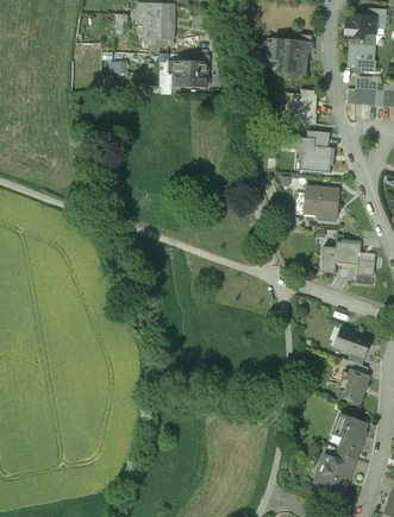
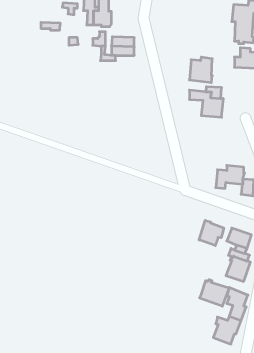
building: [267,38,312,75] -> none
building: [295,187,338,221] -> none
building: none -> [199,220,224,246]
building: none -> [200,280,229,306]

